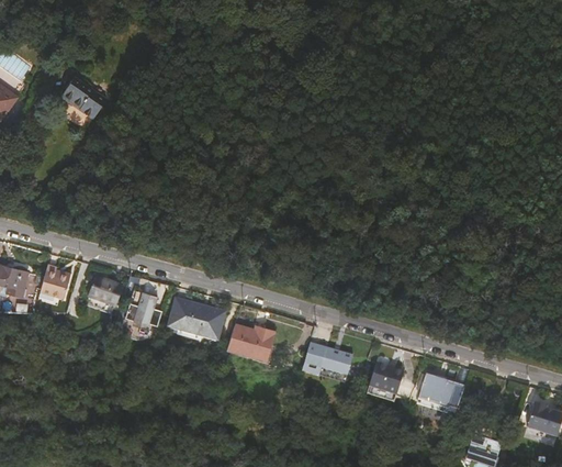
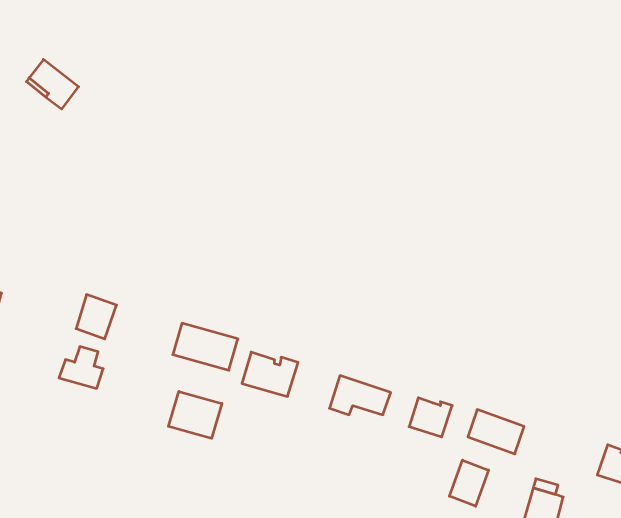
building: [40,262,70,297] -> none
building: [126,291,164,326] -> [59,347,103,388]
building: none -> [168,391,222,438]
building: none -> [449,460,489,506]

